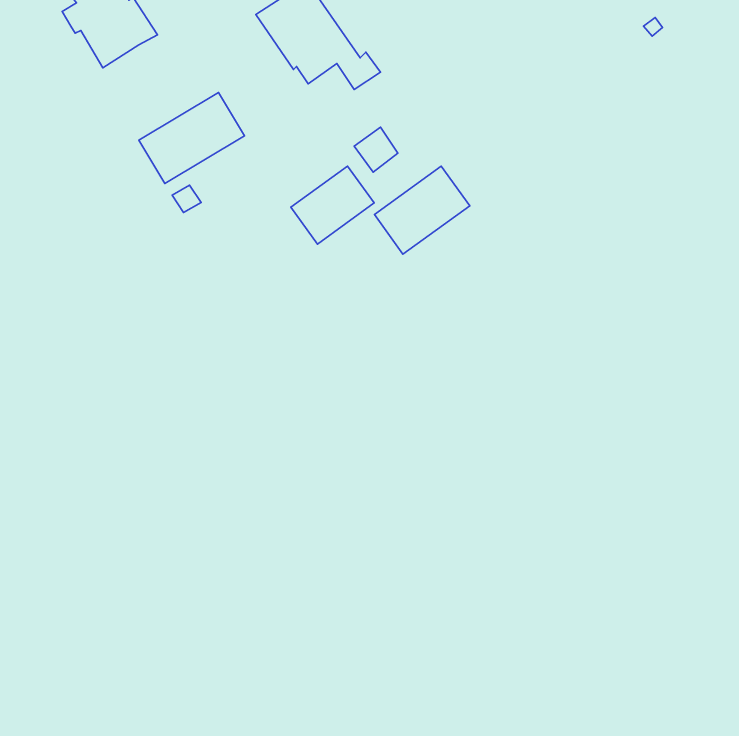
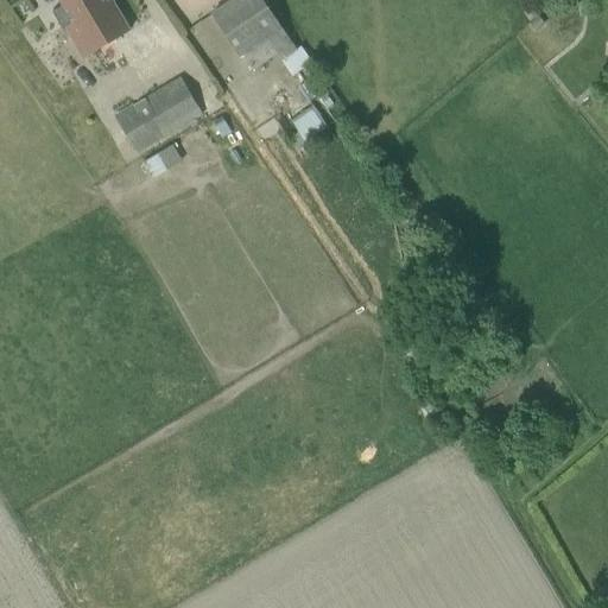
building: [291,166,374,244] -> none
building: [374,166,470,254] -> none

